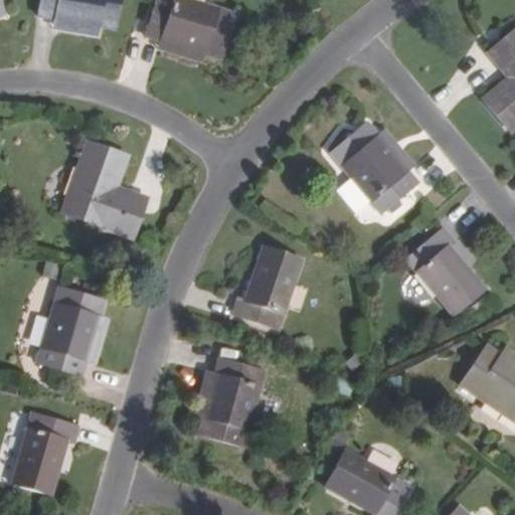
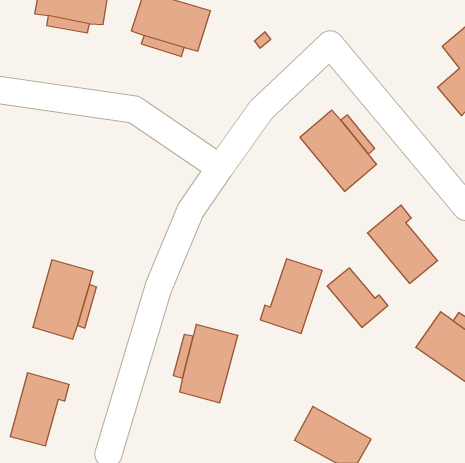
building: [62,142,145,235] -> none
building: [233,245,302,328] -> [260,259,322,333]
building: none -> [327,268,388,328]

